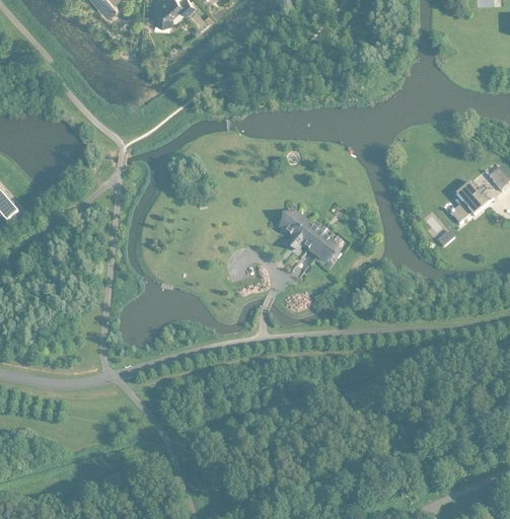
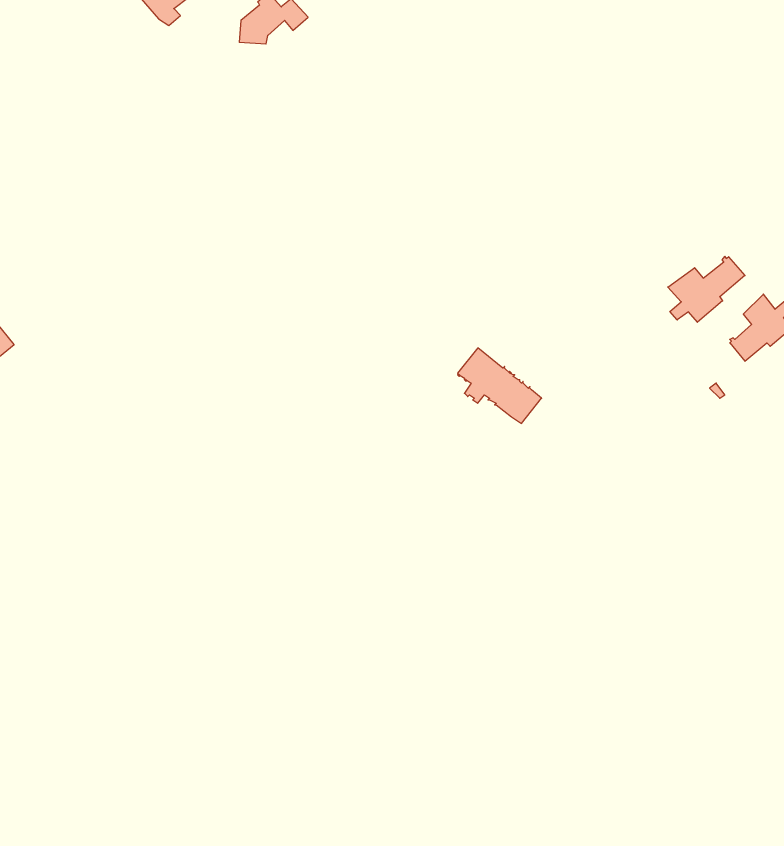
building: none -> [668,256,745,322]

